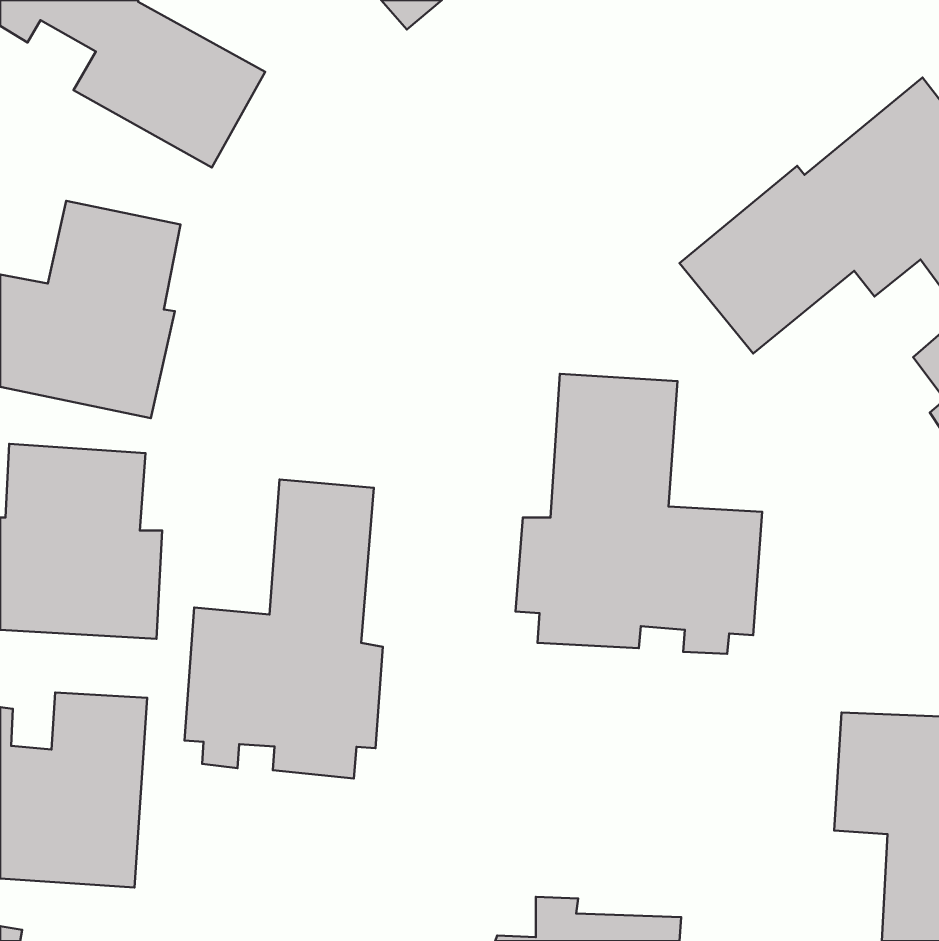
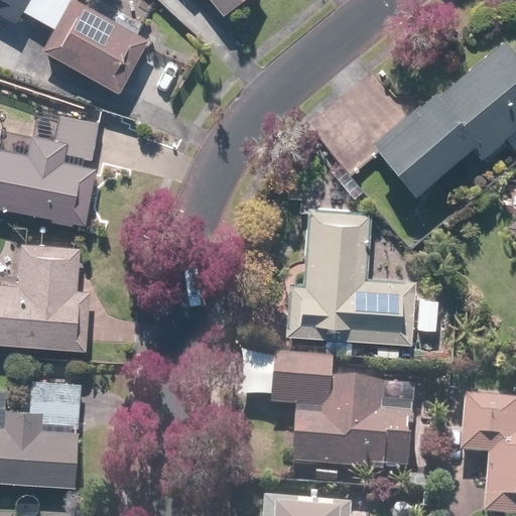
building: [184,479,383,779] -> none
building: none -> [239,358,413,487]

